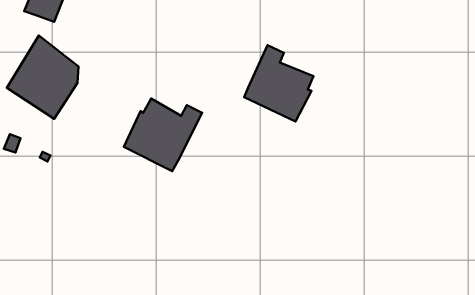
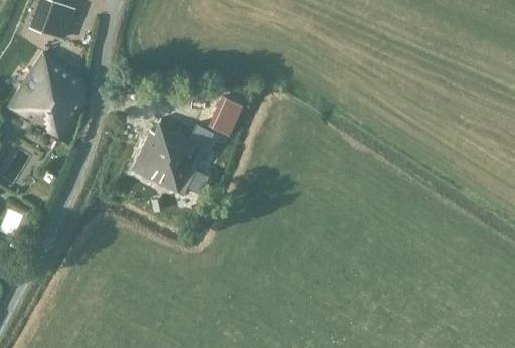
building: [244,45,314,121] -> none
building: none -> [208,95,241,134]

